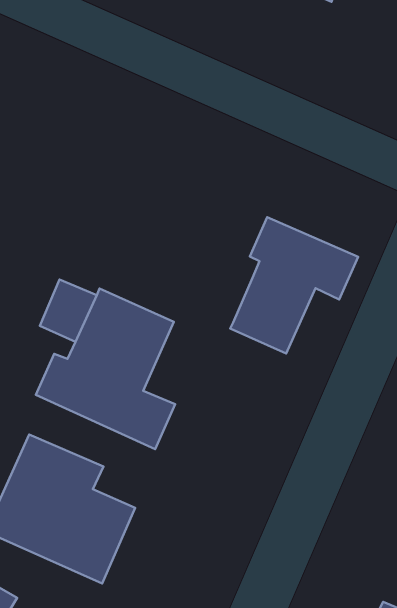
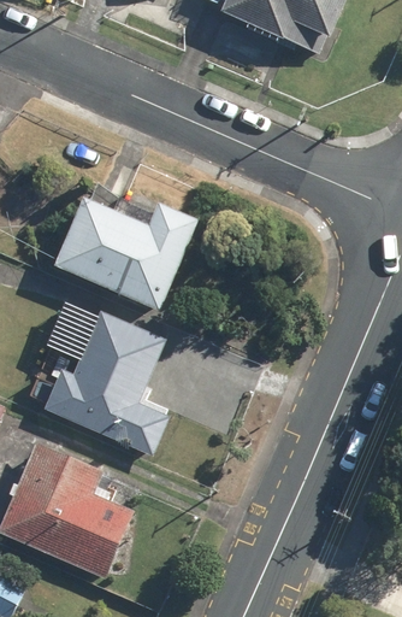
building: none -> [53,198,199,311]
building: [230,217,358,354] -> none

